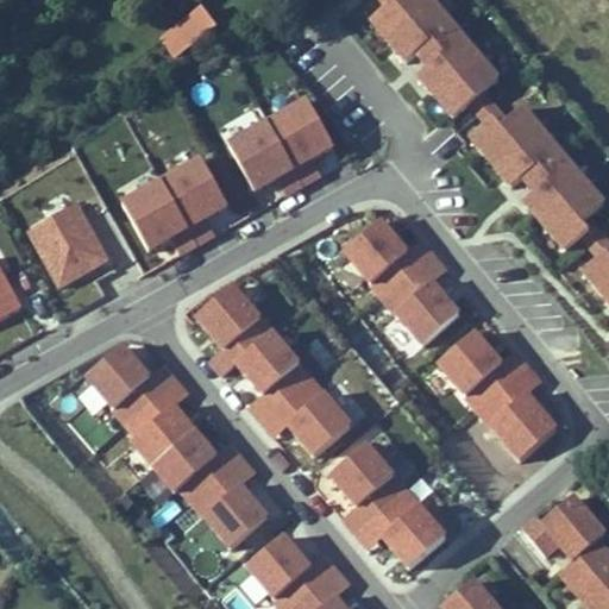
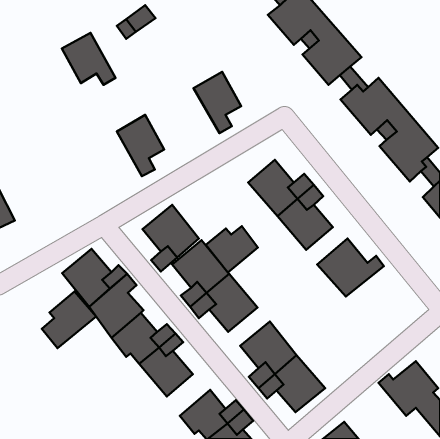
building: [227,121,302,194] -> none
building: [121,181,195,252] -> [62,33,116,85]
building: [26,202,107,289] -> none
building: none -> [206,226,258,273]
building: [476,366,555,454] -> none
building: none -> [42,291,96,348]

